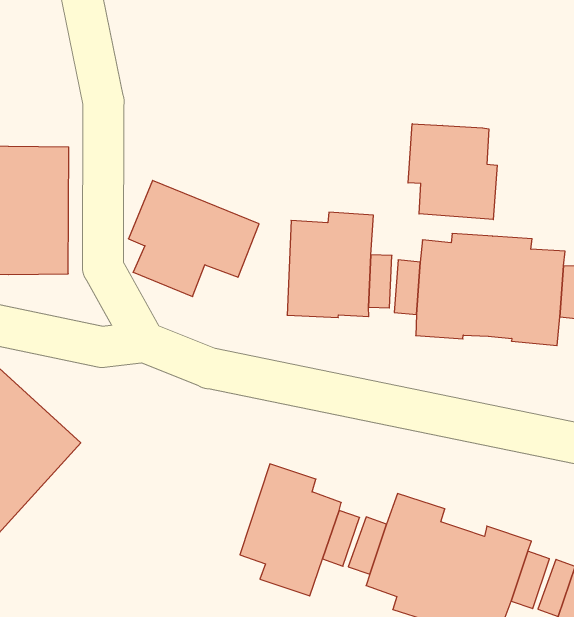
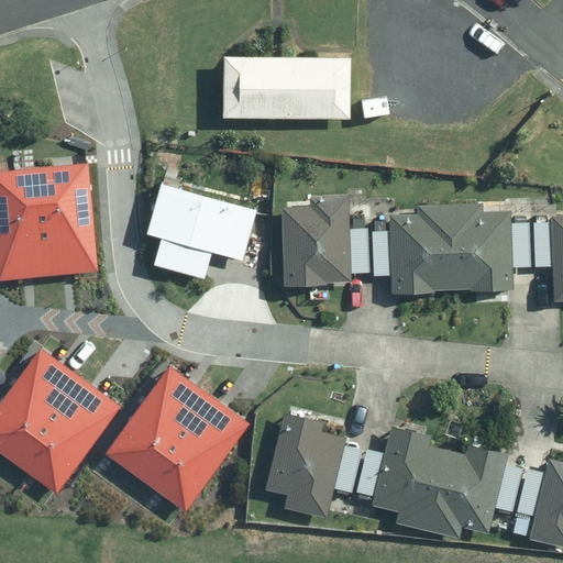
building: none -> [222,55,355,120]
building: [408,124,497,220] -> none
building: none -> [104,366,250,512]

